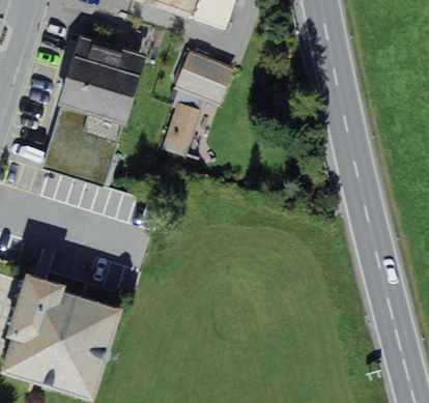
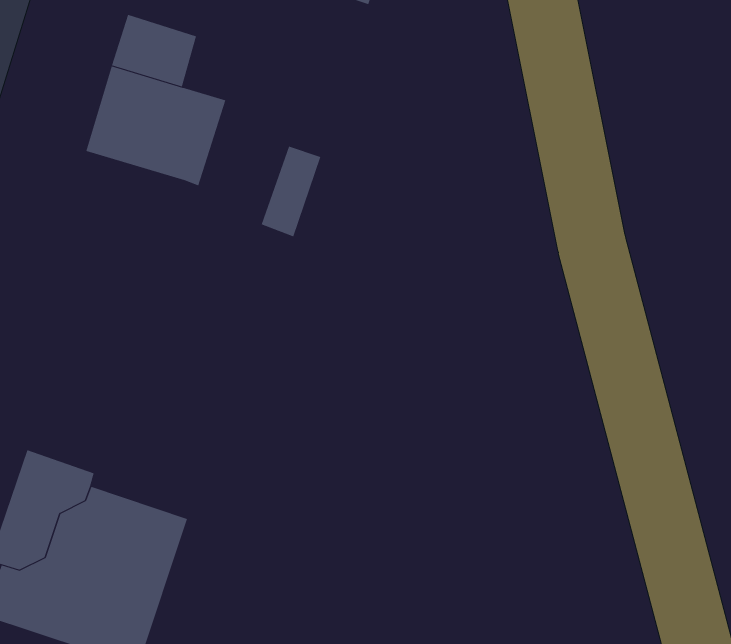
building: [173,51,228,102] -> none
building: [42,104,117,180] -> none

